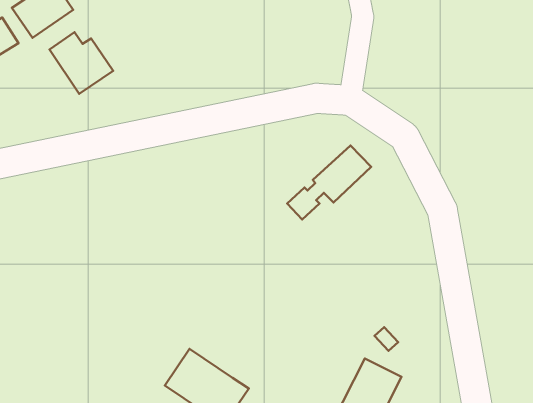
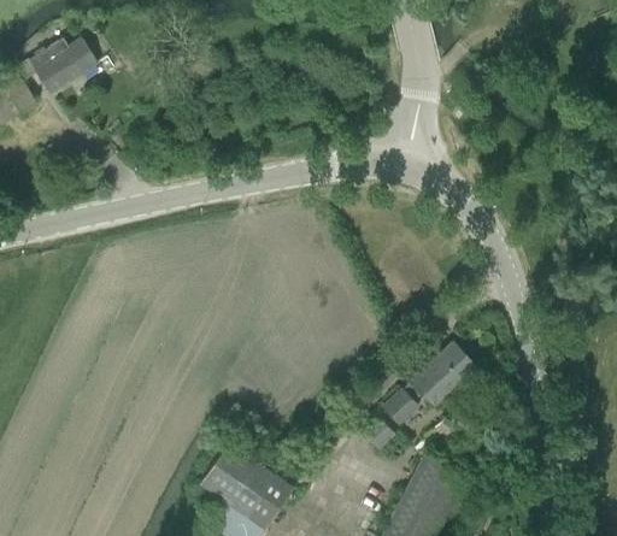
building: [49,32,113,94] -> none
building: [287,145,371,220] -> [383,342,477,425]

